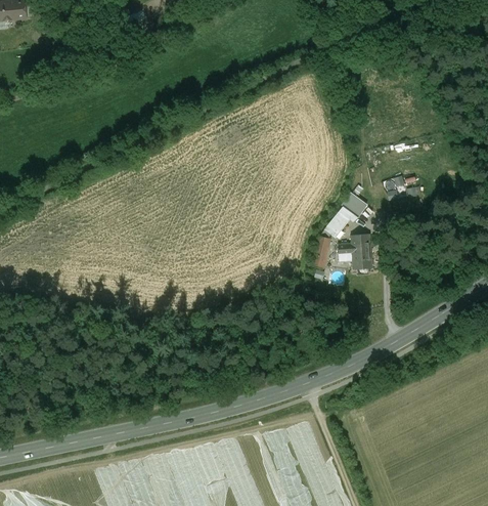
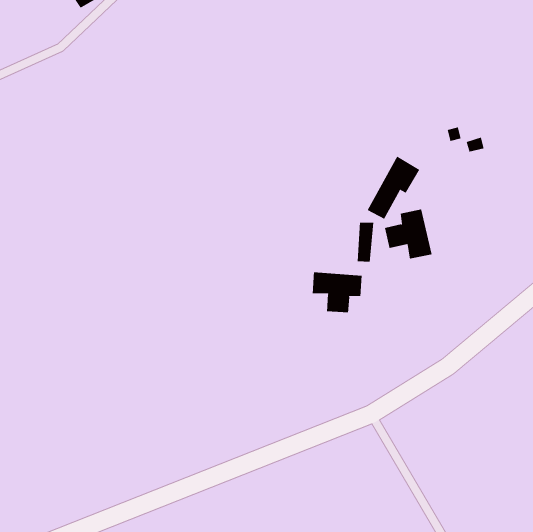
building: none -> [312,271,362,313]

